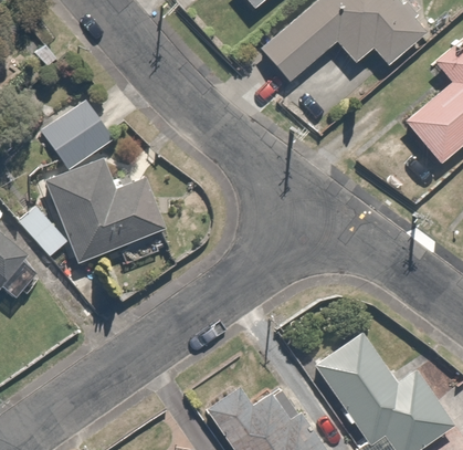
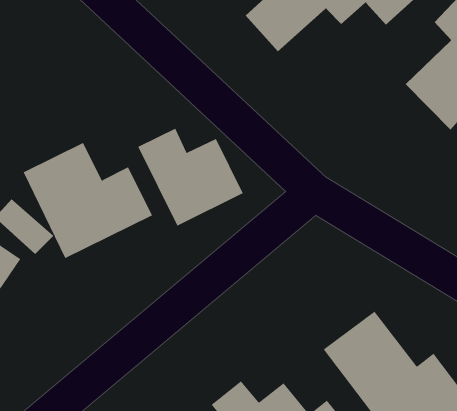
building: [41,100,111,167] -> none
building: none -> [138,128,243,227]

